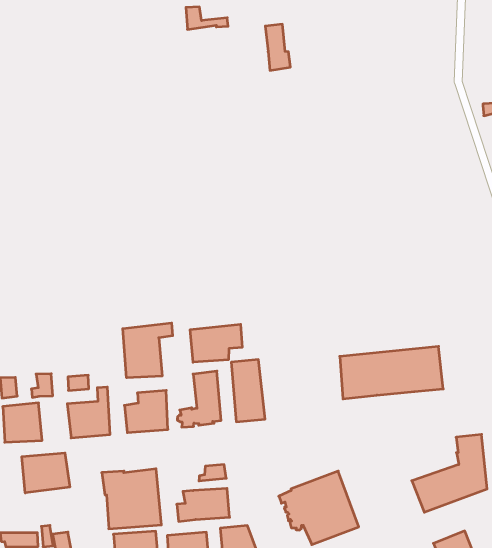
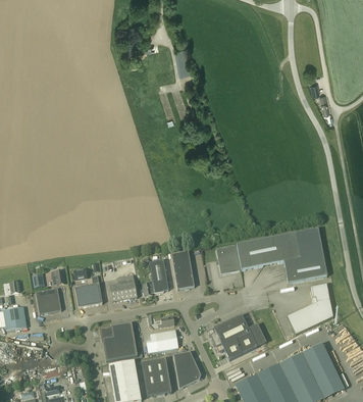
building: [123,323,173,378] -> none
building: [190,324,242,362] -> none
building: none -> [283,229,327,283]
building: none -> [216,244,240,273]
building: [22,453,70,493] -> none

